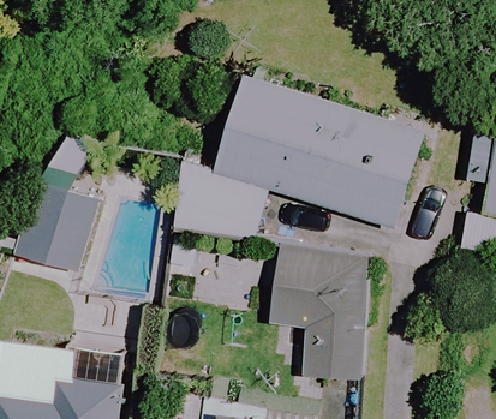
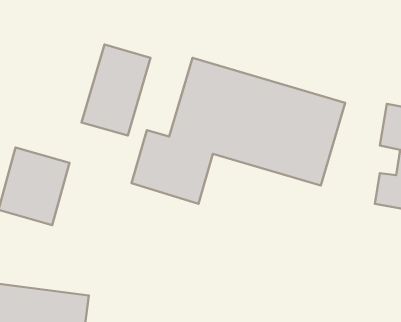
building: none -> [82,45,151,136]
building: [273,247,369,378] -> none

